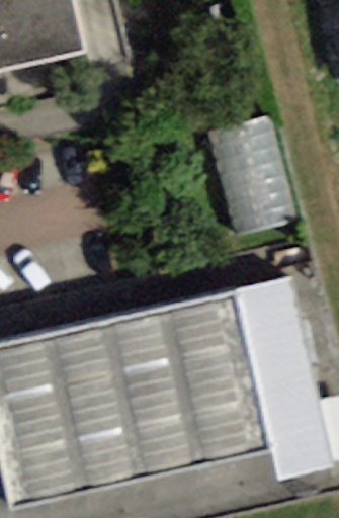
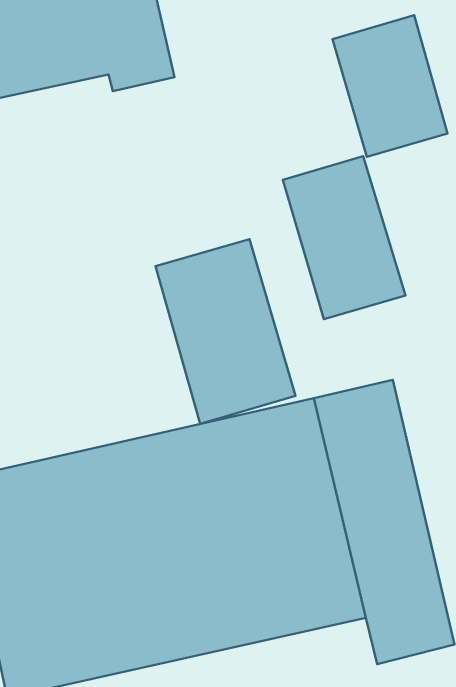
building: none -> [332,15,448,157]
building: none -> [156,239,295,424]

